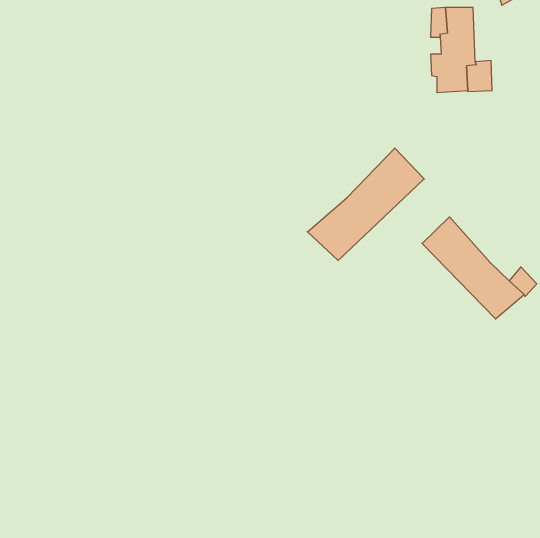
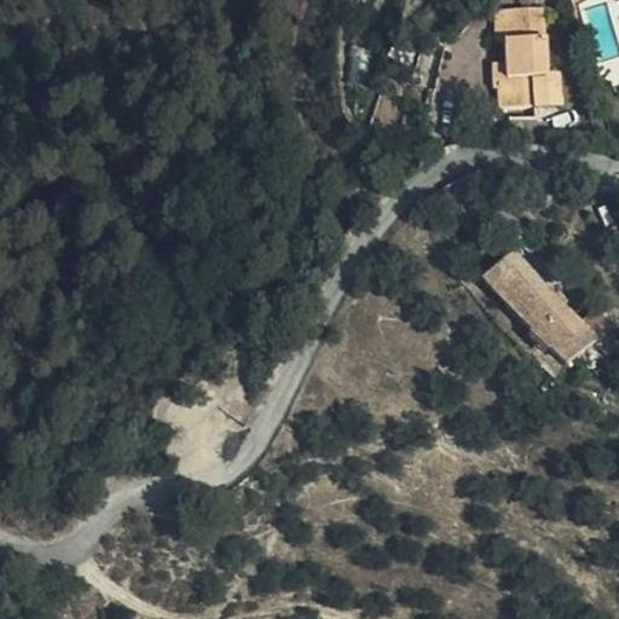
building: [307,148,424,260] -> none

